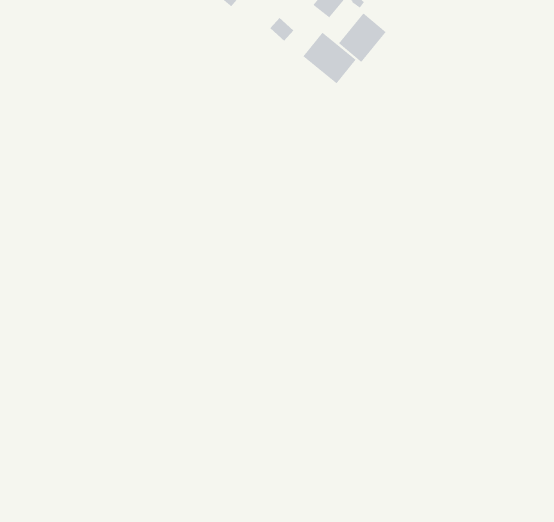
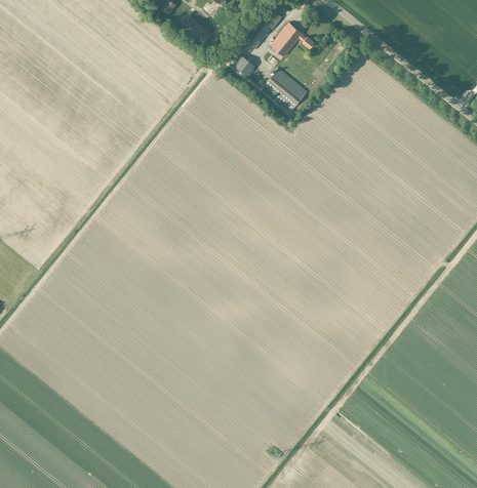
building: [338,12,387,63] -> none

